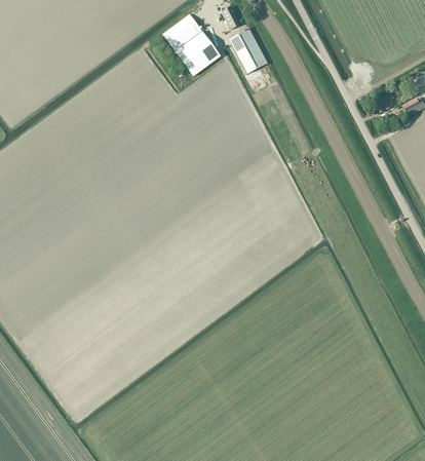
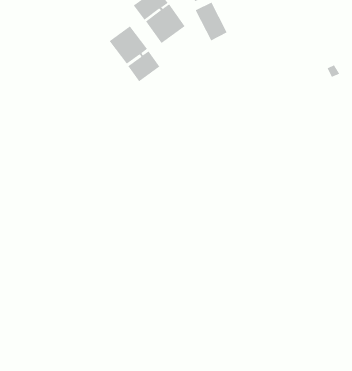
building: none -> [109,25,160,82]

